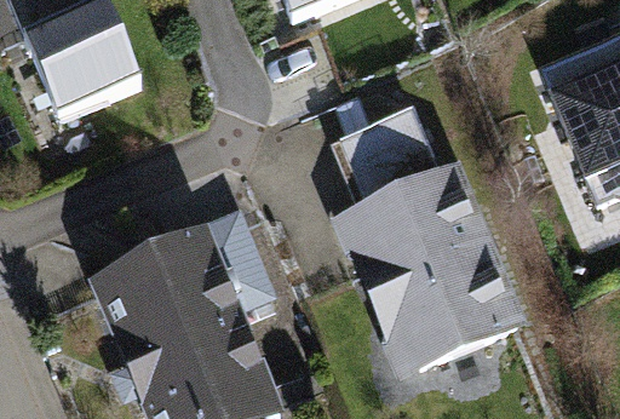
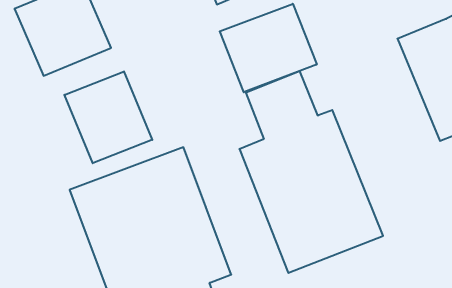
building: none -> [220,4,317,92]
building: none -> [64,71,152,163]

